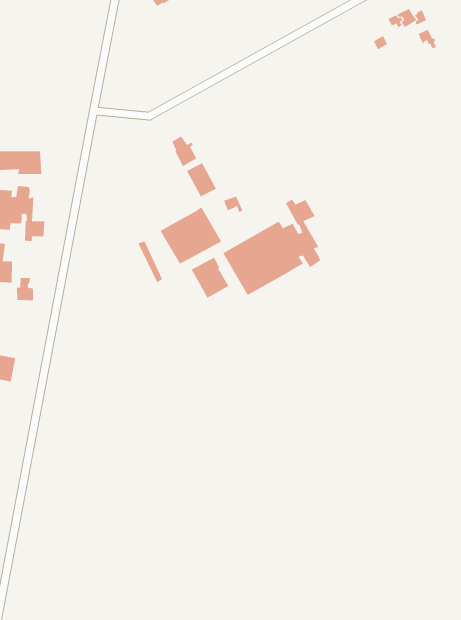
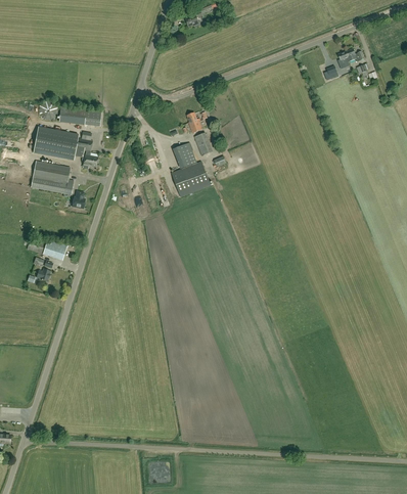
building: [223,199,321,296] -> none
building: [191,257,229,299] -> [173,142,196,169]

